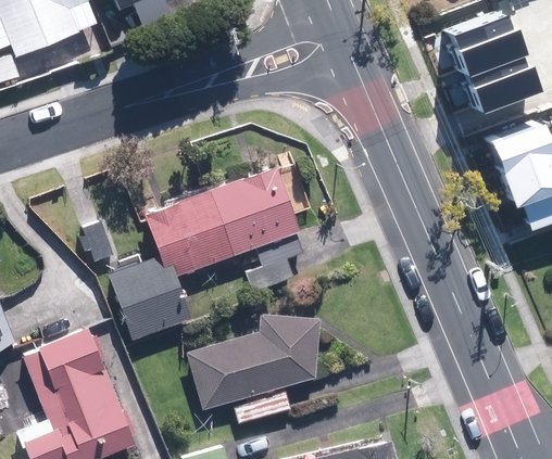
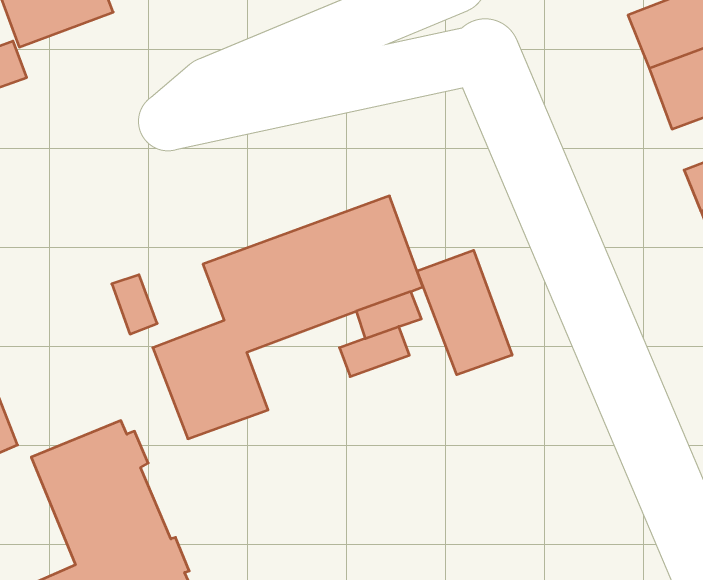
building: none -> [417,250,512,375]
building: [186,313,319,409] -> none

